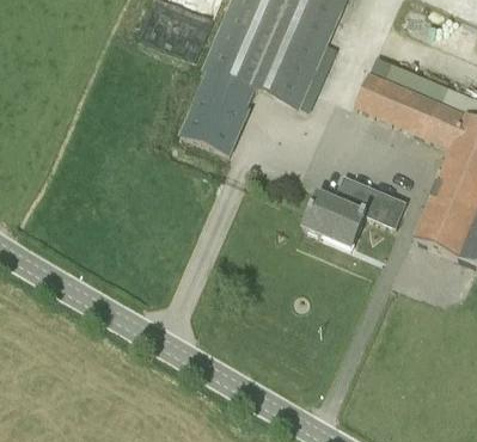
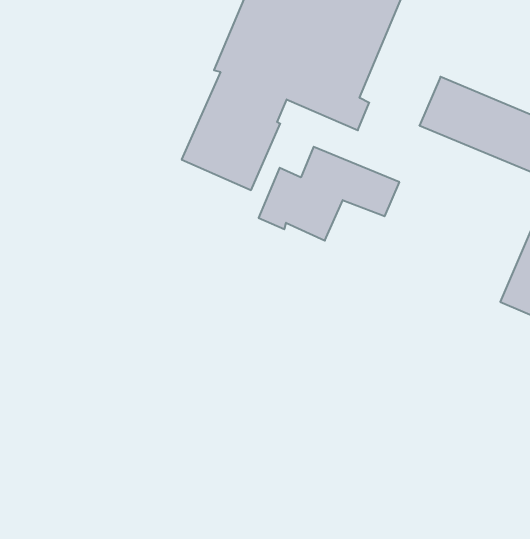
building: [304,173,408,243] -> [259,147,399,241]

